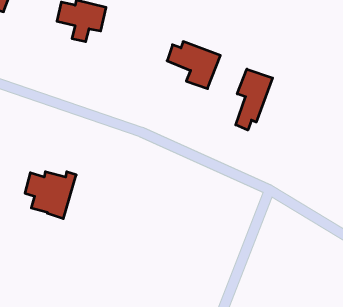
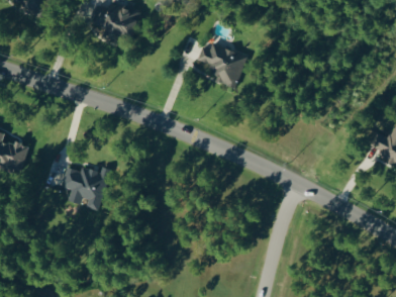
building: [236,69,273,130] -> none

